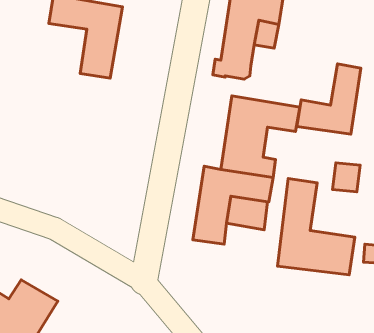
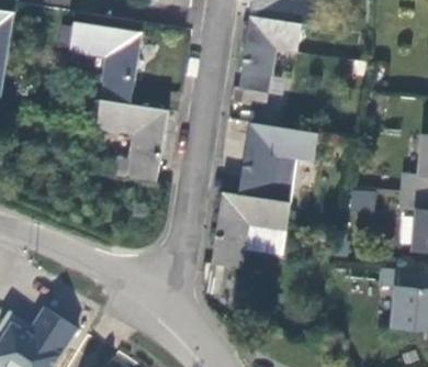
building: [297,64,361,134] -> none
building: none -> [95,100,167,182]
building: [278,179,355,275] -> none

